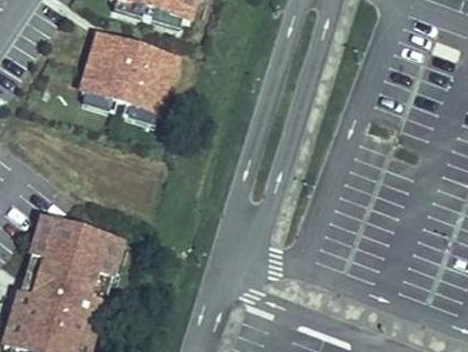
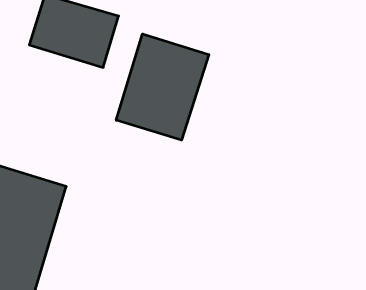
building: none -> [116,34,209,140]

